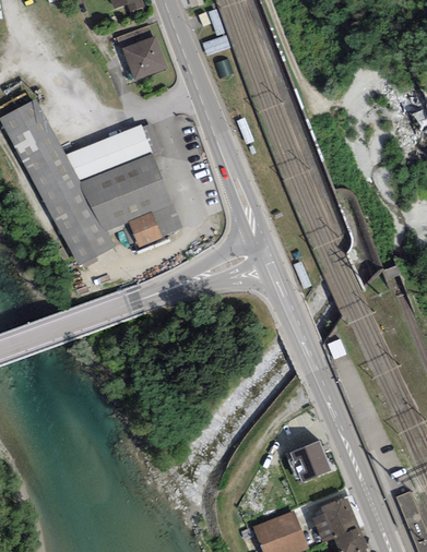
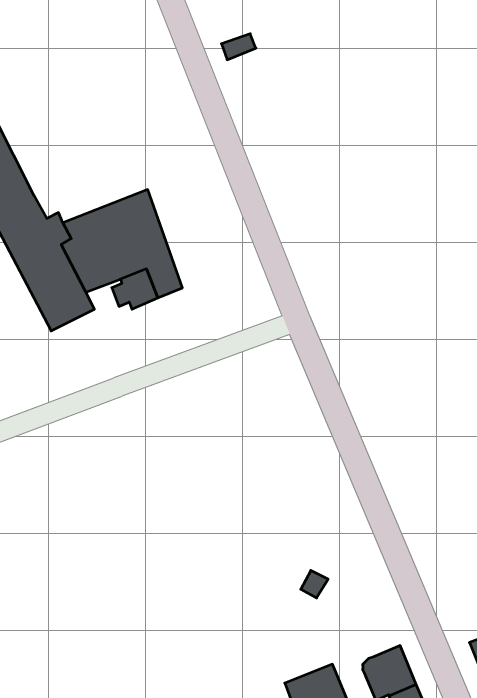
building: [119,26,165,81] -> none
building: [63,124,158,179] -> none
building: [295,441,329,481] -> none

